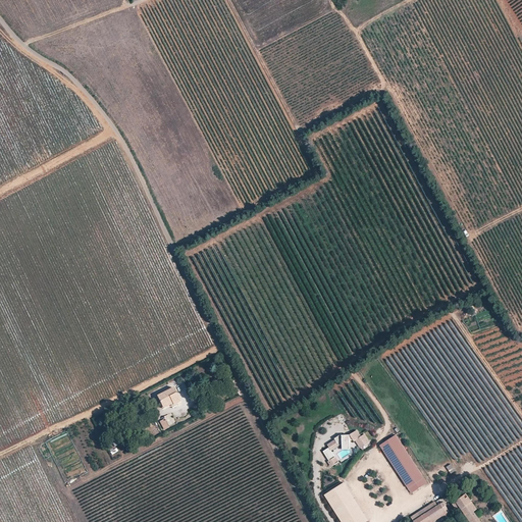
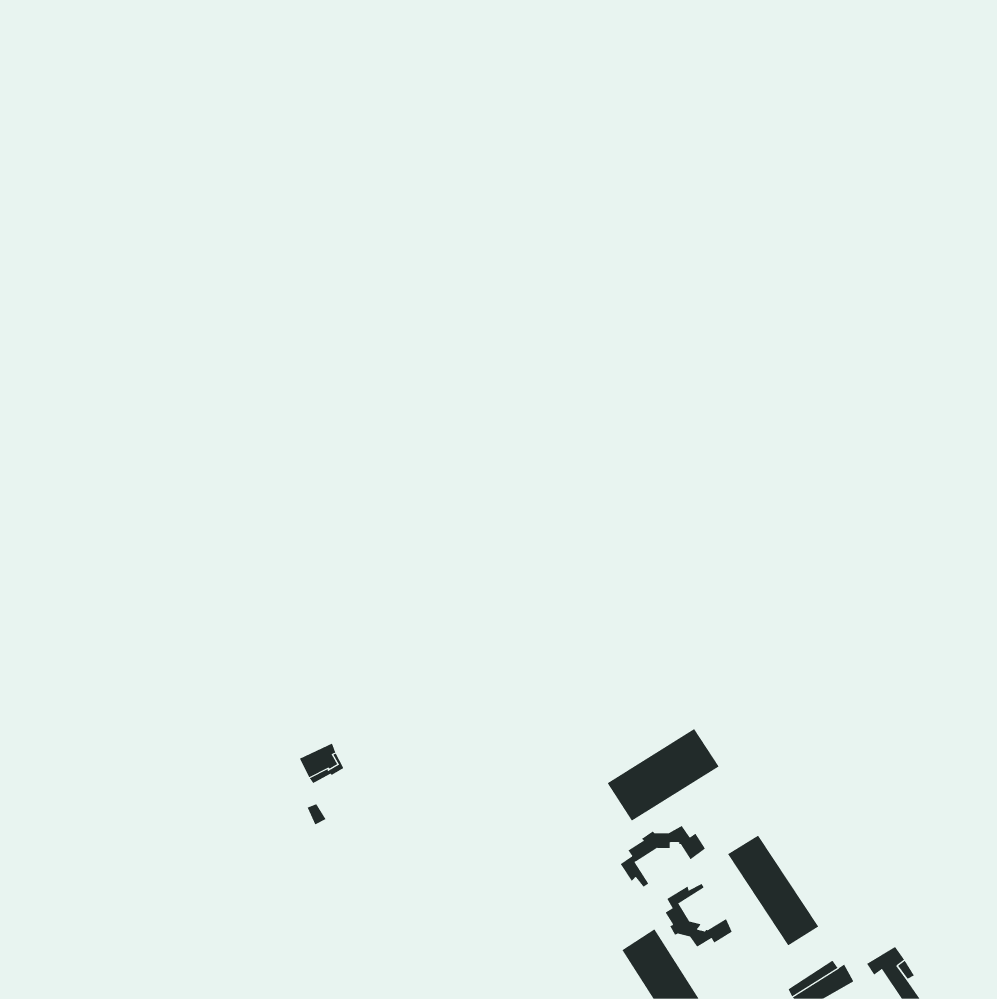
building: none -> [607,728,719,821]
building: none -> [665,883,732,947]

